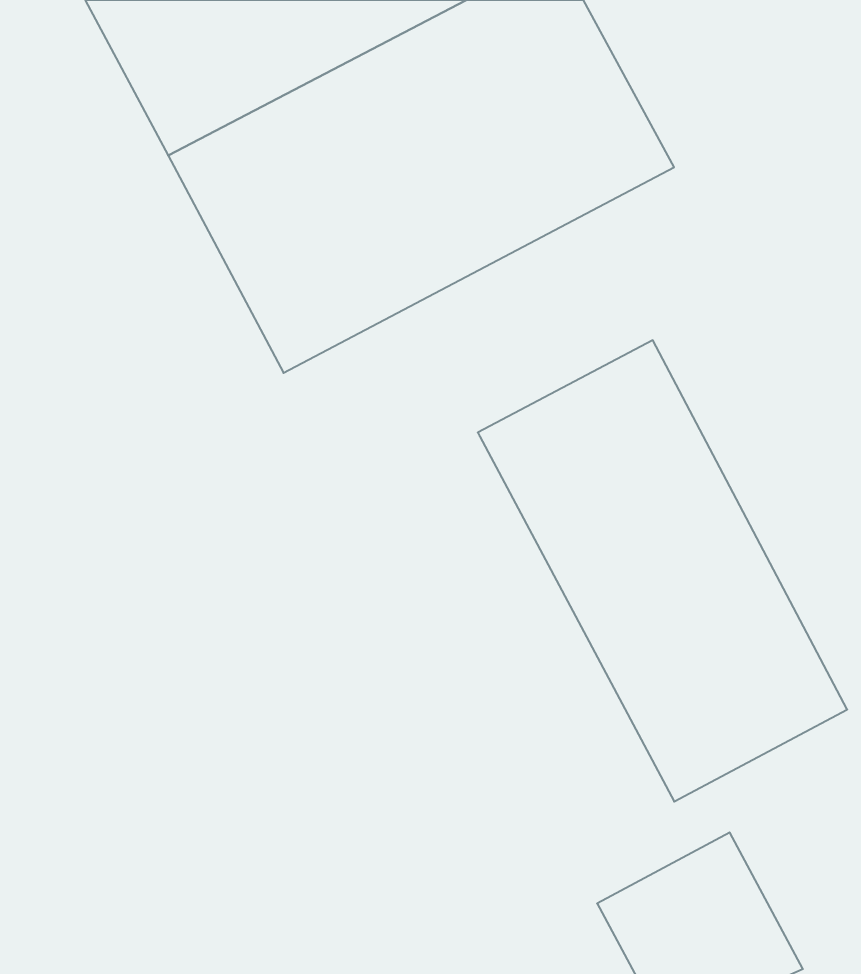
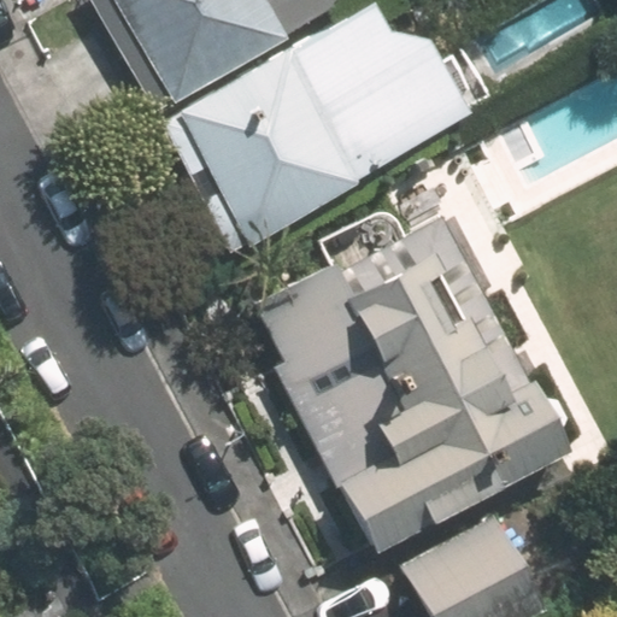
building: none -> [255,278,464,553]

